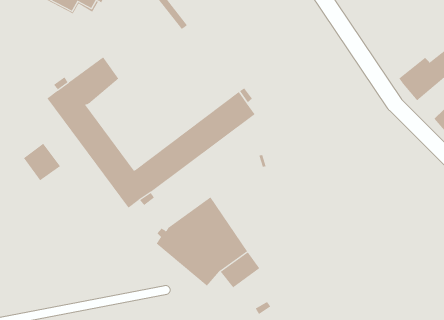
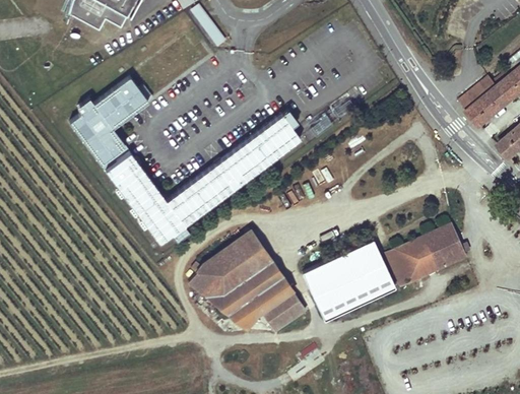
building: [23,143,61,181] -> none
building: none -> [387,224,466,286]
building: none -> [304,242,396,322]

